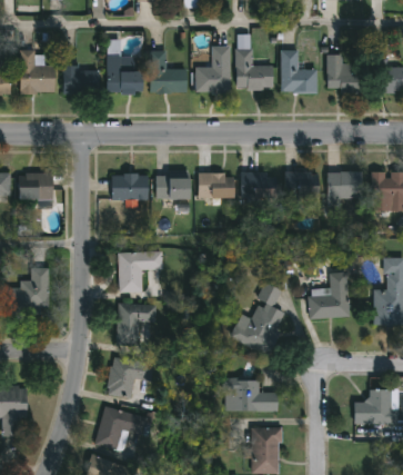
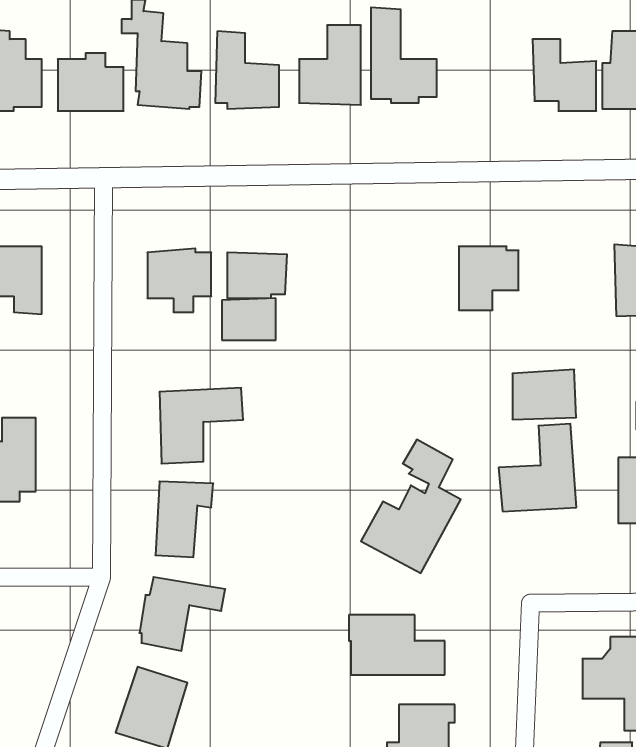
building: [281,51,318,96] -> none
building: [329,170,364,198] -> [512,370,576,419]
building: [241,171,275,197] -> none
building: [205,174,235,197] -> [222,298,276,340]

